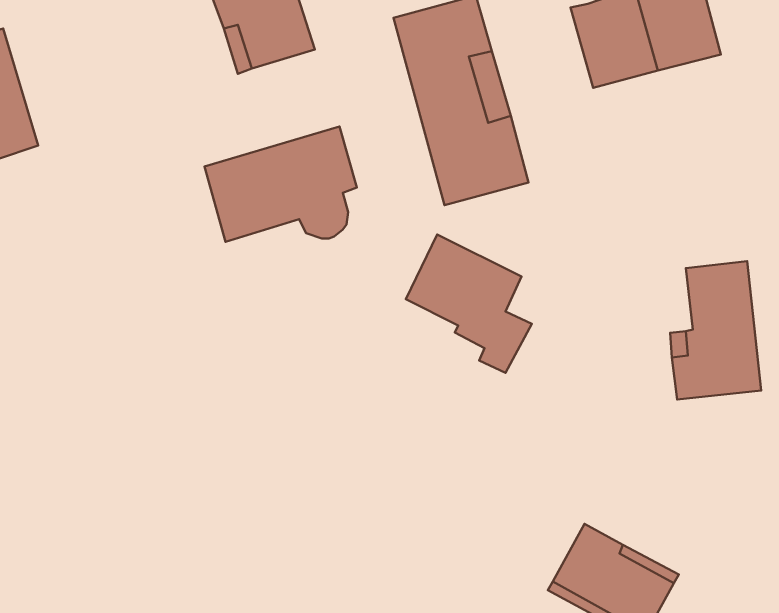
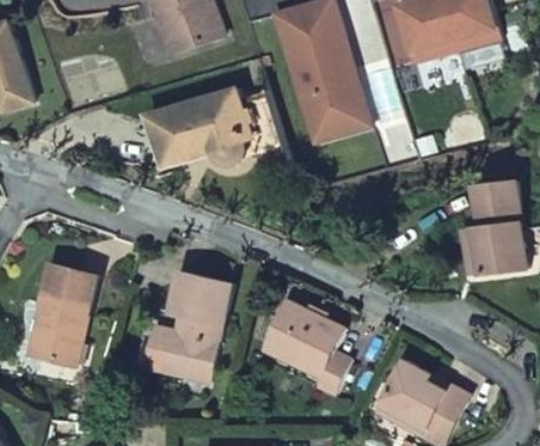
building: [406,235,532,373] -> [264,299,350,393]
building: none -> [32,263,96,363]
building: none -> [135,270,232,381]

